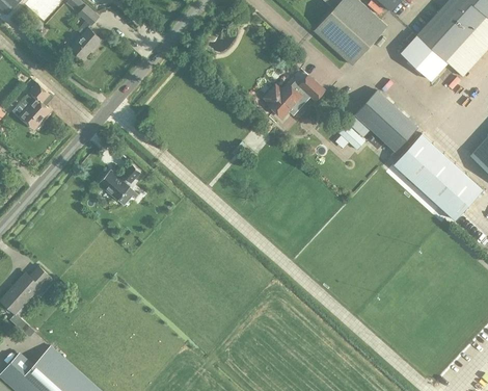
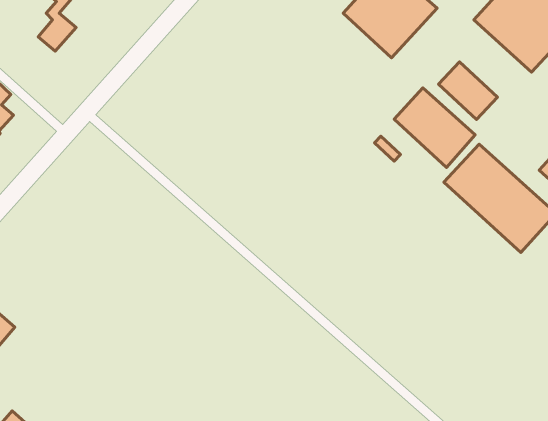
building: [400,35,446,81] -> [439,62,498,119]
building: [262,75,325,119] -> none
building: [98,165,140,202] -> none

